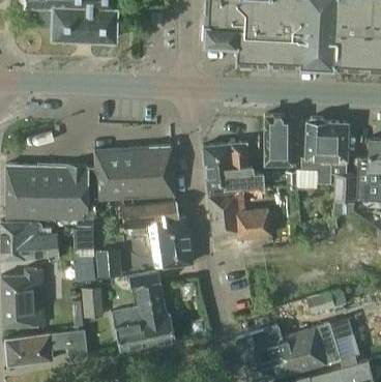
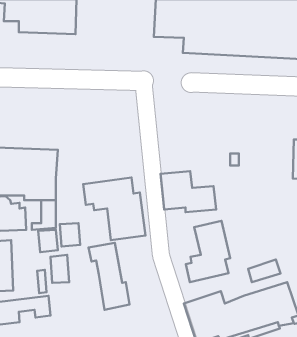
building: [263,116,290,167] -> none
building: [301,116,355,203] -> none
building: [203,143,263,193] -> none
building: [92,147,175,201] -> none
building: none -> [186,221,230,282]
building: [114,307,146,351] -> none

